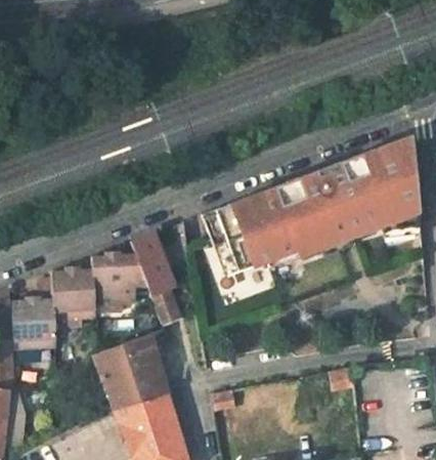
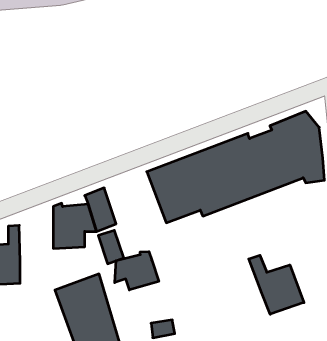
building: [53,269,94,321] -> none
building: none -> [115,252,159,290]
building: none -> [249,255,304,314]

